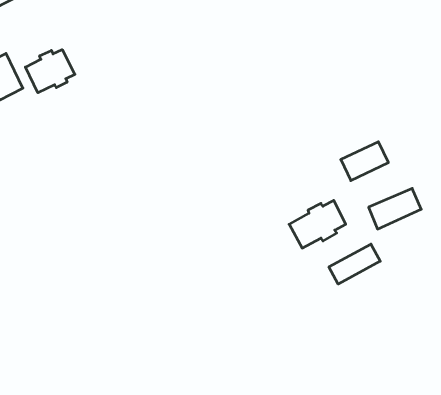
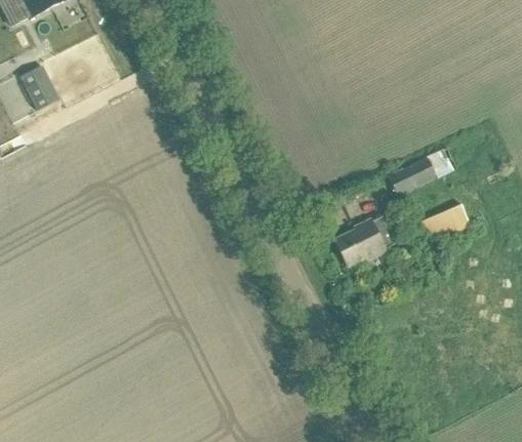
building: [25,50,75,93] -> none
building: [329,244,380,284] -> none

